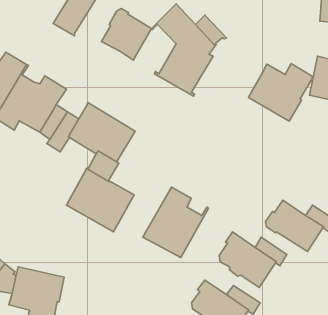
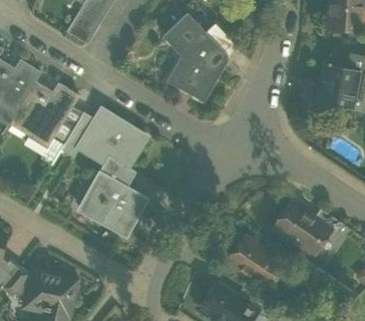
building: [102,9,151,60] -> none
building: [248,63,313,121] -> none
building: [143,187,209,258] -> none

